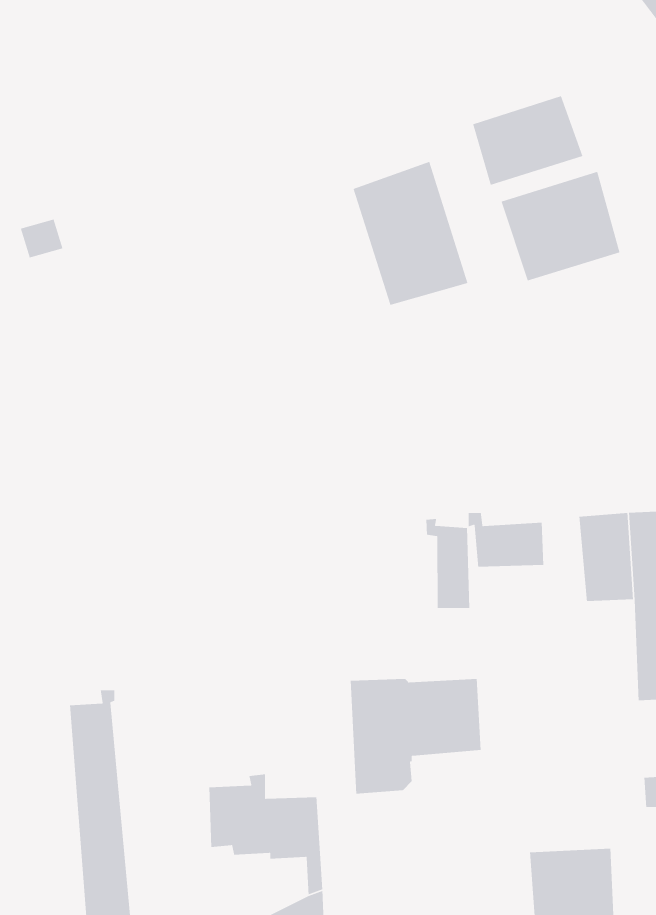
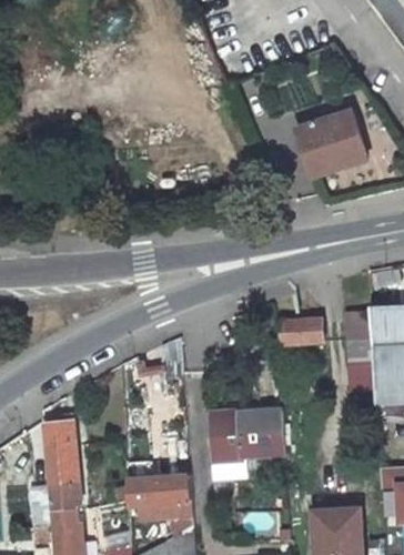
building: [472,95,583,186] -> none
building: [352,161,468,306] -> none
building: [426,518,470,609] -> none

